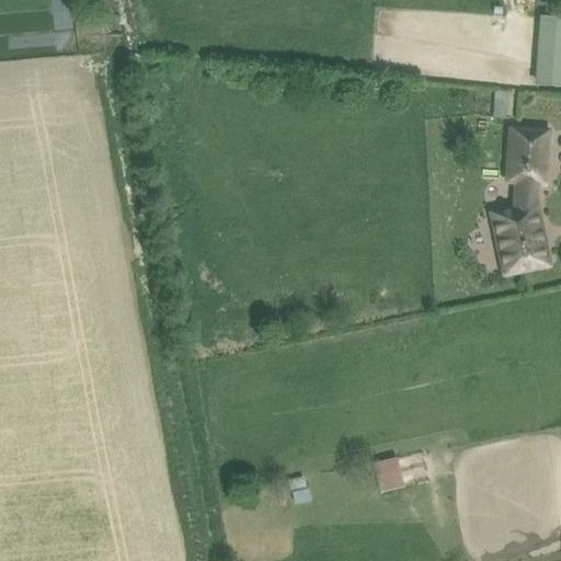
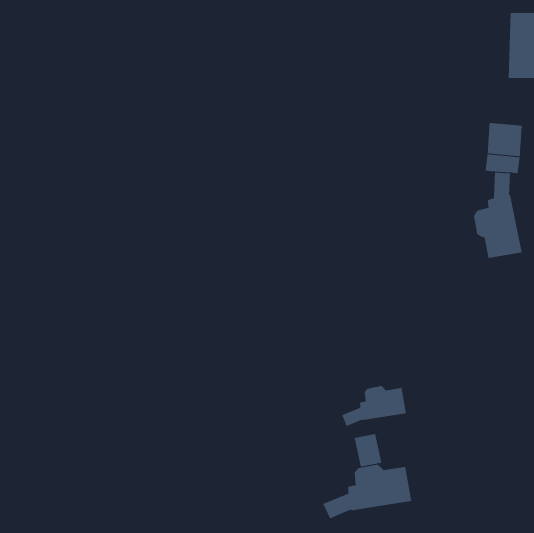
building: none -> [341,385,406,427]
building: none -> [323,464,412,519]

